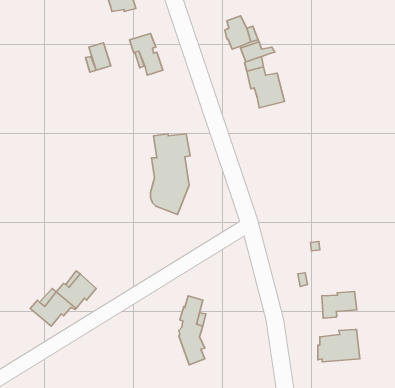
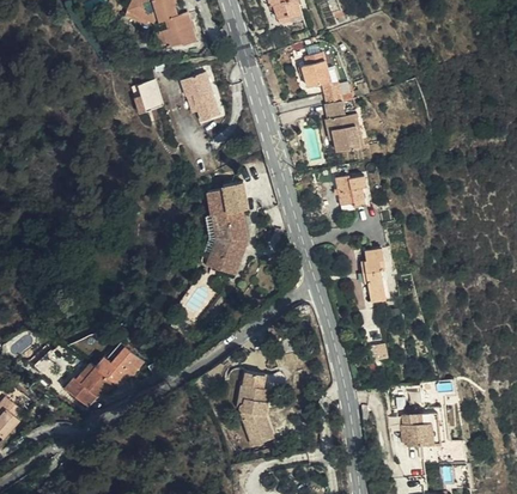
building: none -> [336,178,364,208]
building: none -> [363,249,385,301]
building: [322,292,357,318] -> none

